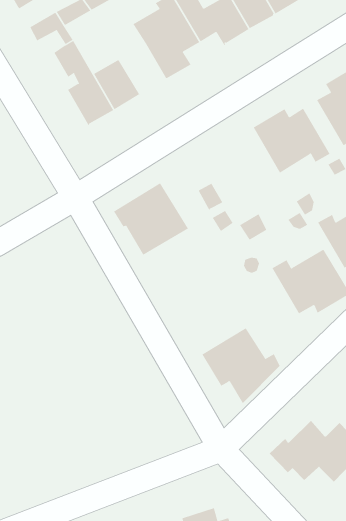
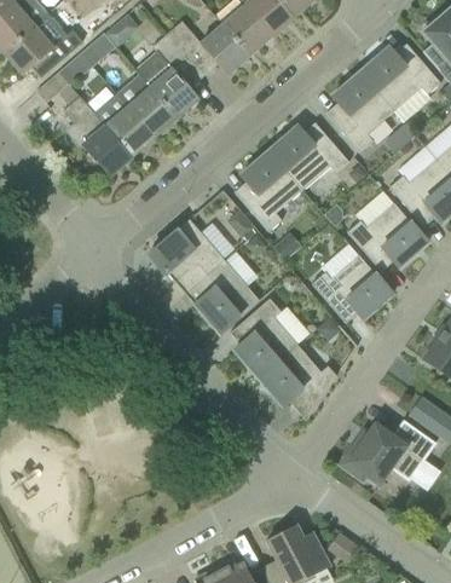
building: none -> [127,86,177,137]
building: none -> [233,149,302,230]
building: none -> [184,258,259,333]
building: none -> [230,298,296,377]

